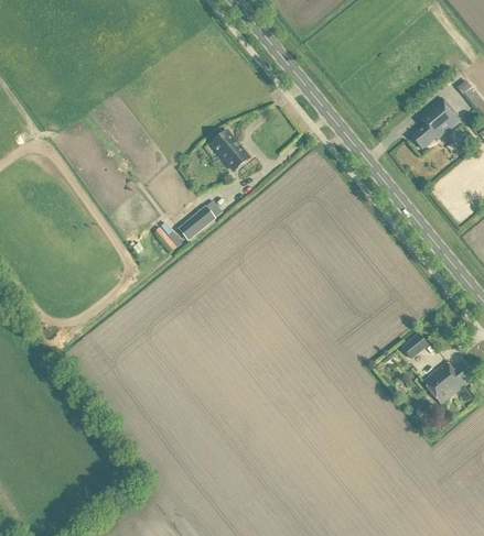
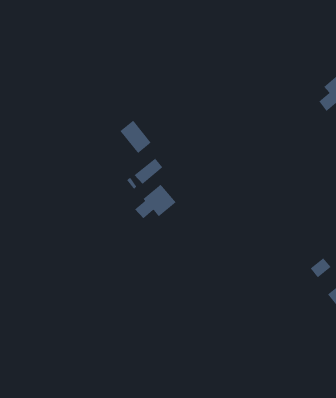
building: [209,130,250,173] -> [120,120,152,154]
building: none -> [134,184,177,219]

